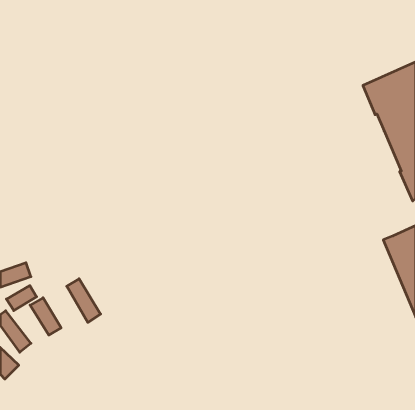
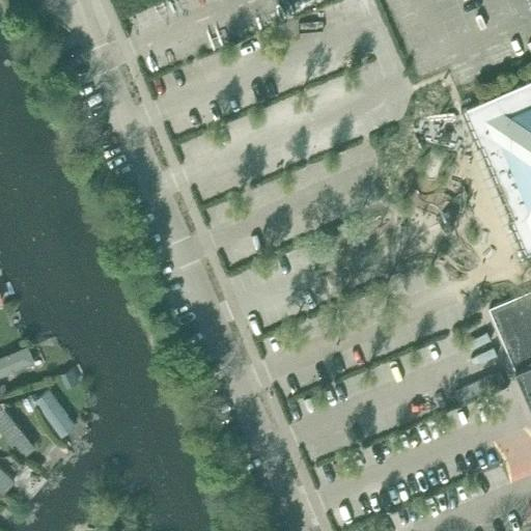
building: [67,279,101,322] -> none
building: [6,286,37,311] -> none

